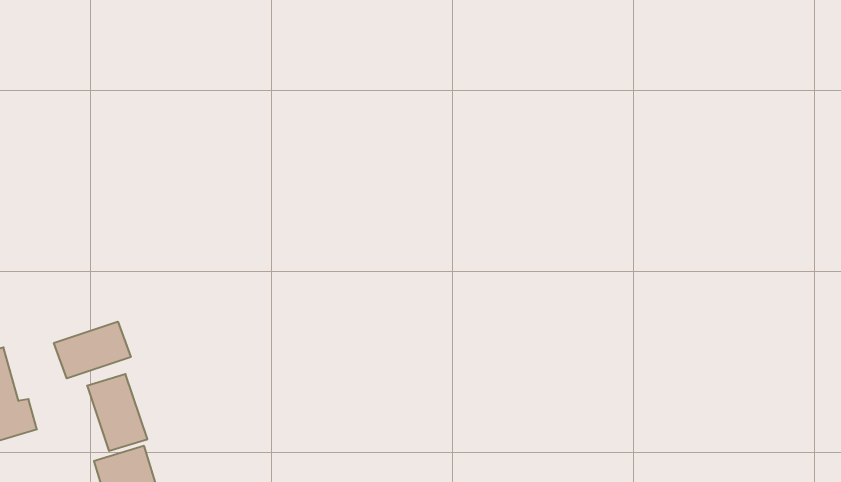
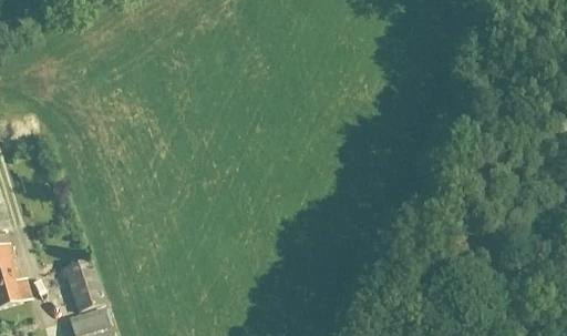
building: [54,322,131,378] -> none

